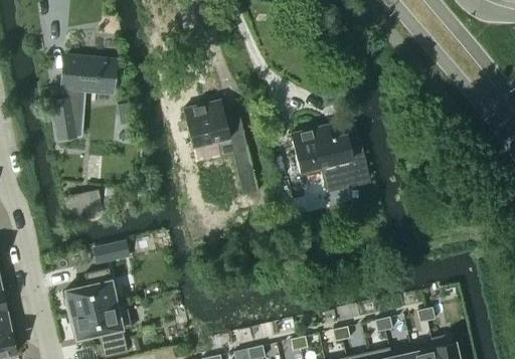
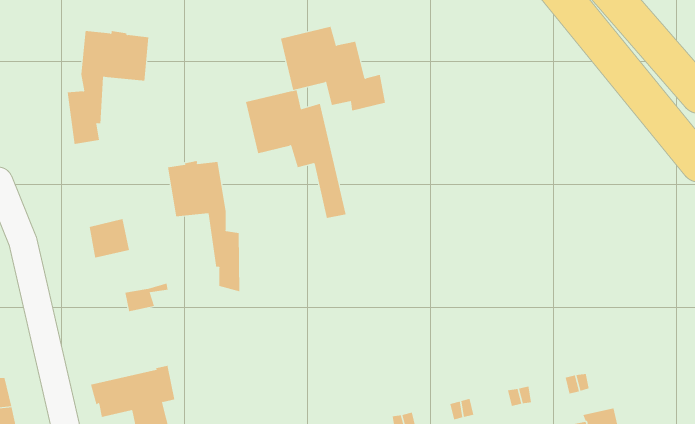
building: [291,125,368,187] -> [280,26,386,111]
building: none -> [167,160,240,292]
building: [66,270,118,317] -> none

